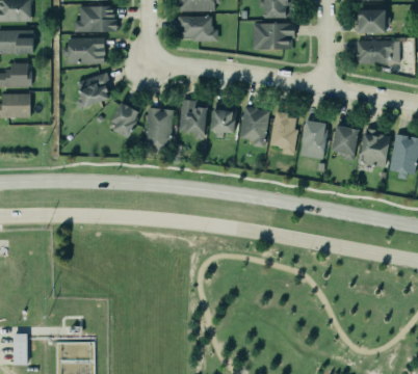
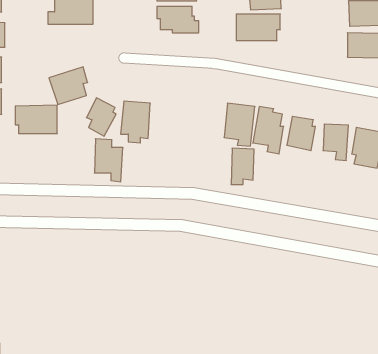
building: [66,37,105,64] -> [15,105,57,134]
building: [180,100,207,140] -> [94,139,123,182]
building: [213,104,235,138] -> [231,148,254,184]

